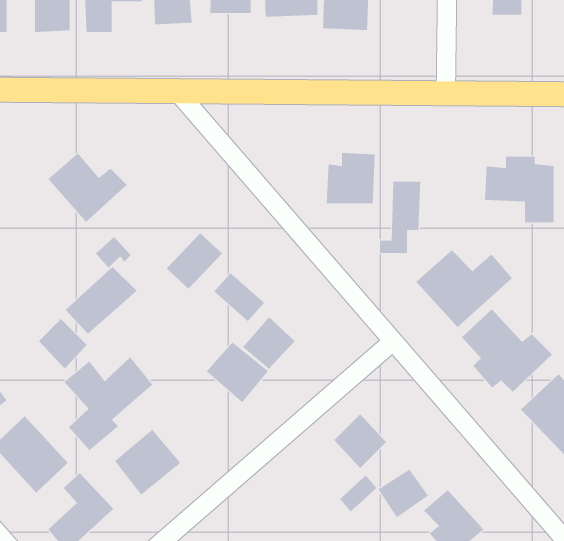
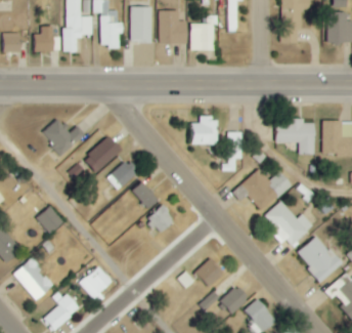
building: [65,266,137,335] -> [83,135,122,172]
building: [206,341,269,403] -> none
building: [63,356,153,451] -> none

